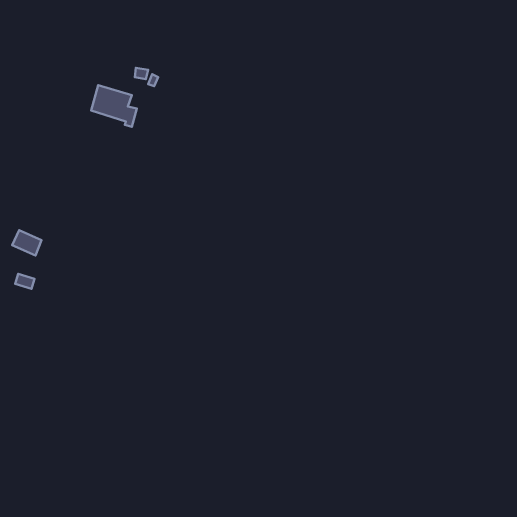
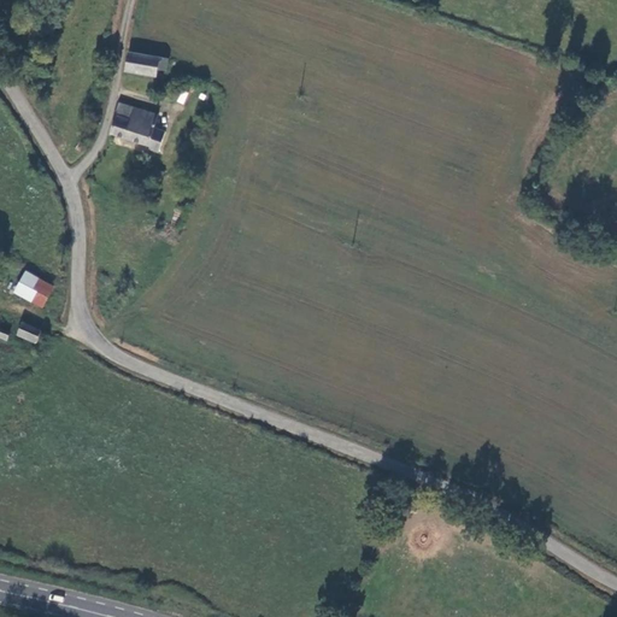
building: none -> [127,51,168,70]

